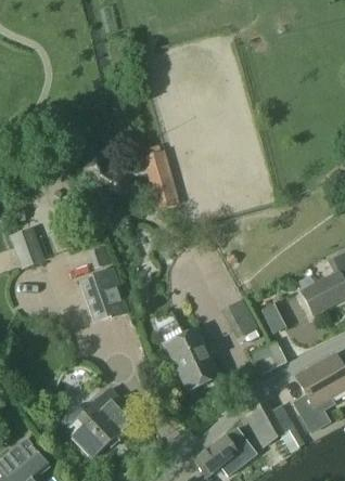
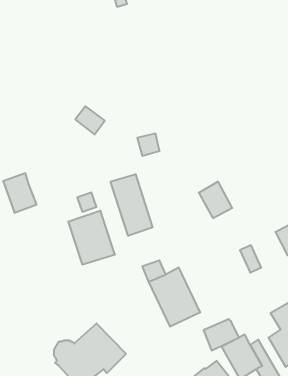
building: [143,150,171,188] -> none
building: none -> [111,174,153,236]
building: [221,298,257,337] -> [199,182,232,218]
building: [248,341,286,375] -> [204,319,239,351]

